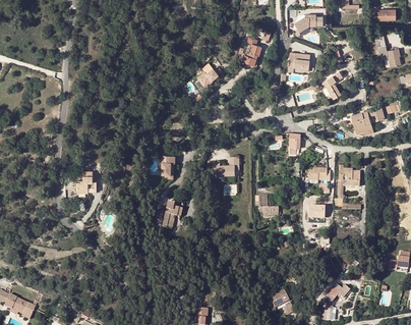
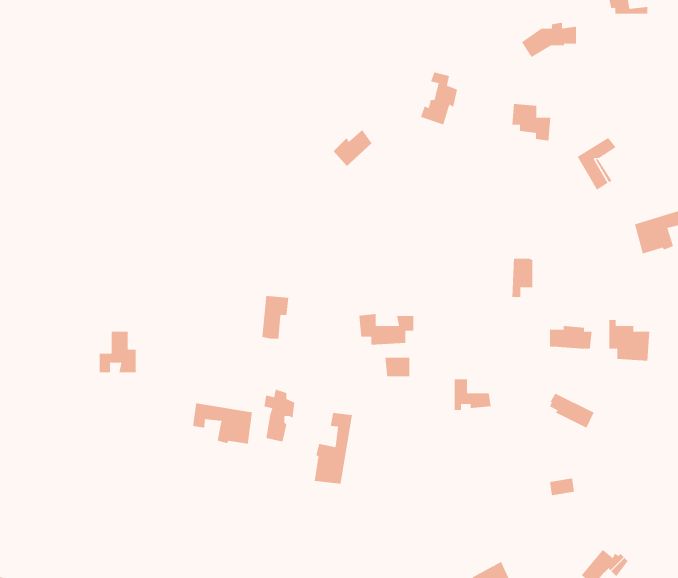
building: none -> [193,402,252,444]
building: none -> [314,412,353,484]

